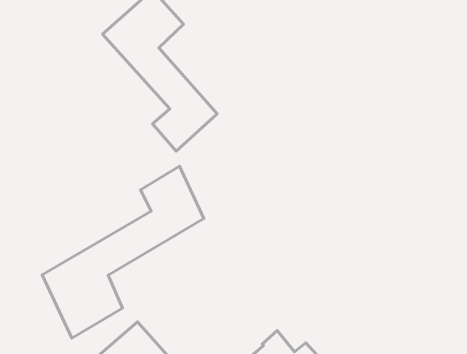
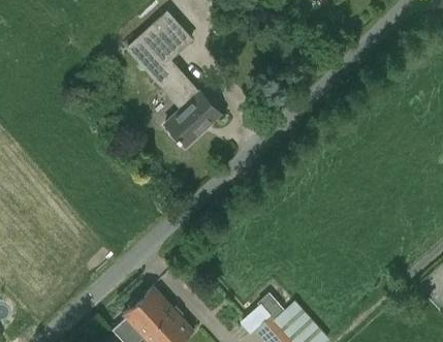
building: [42,166,204,338] -> none

